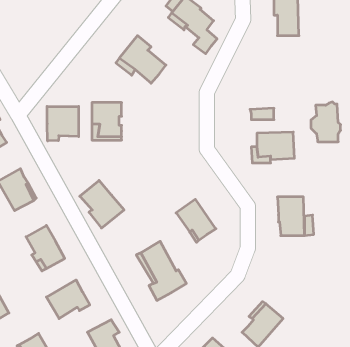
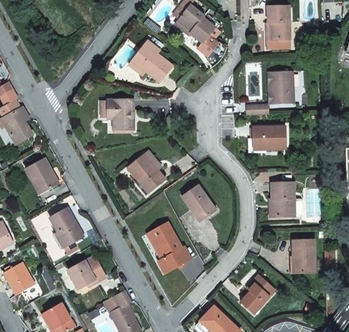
building: [311,102,341,142] -> [267,68,293,103]
building: [47,106,79,141] -> none
building: [80,180,124,228] -> [126,153,165,195]
building: none -> [288,239,314,273]

